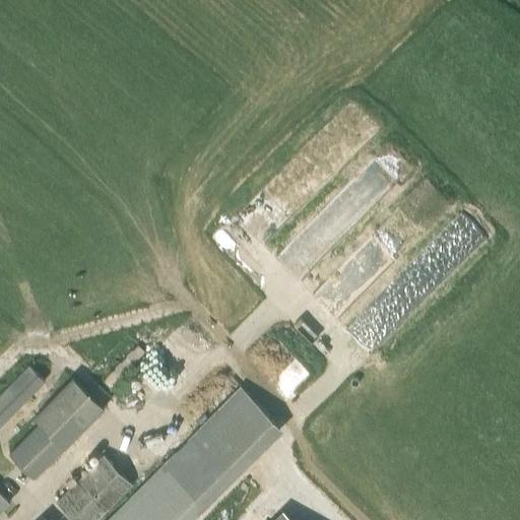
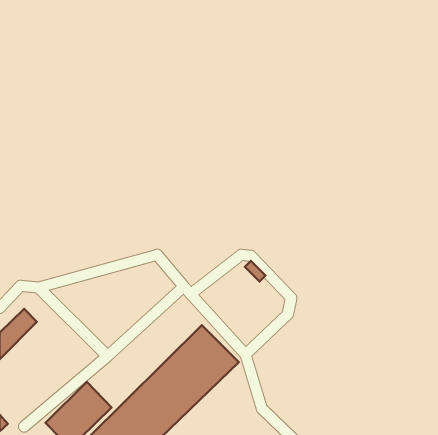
building: [8,381,103,482] -> none

